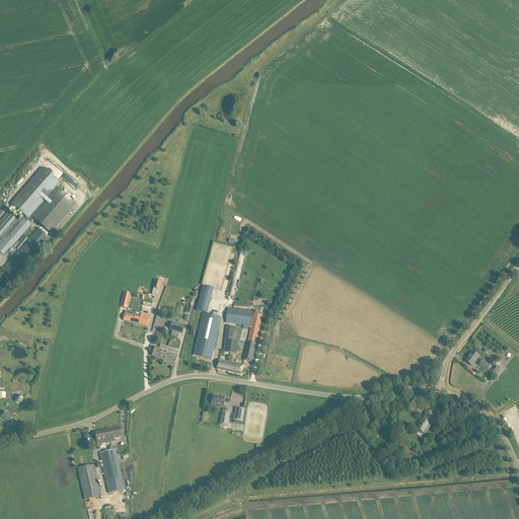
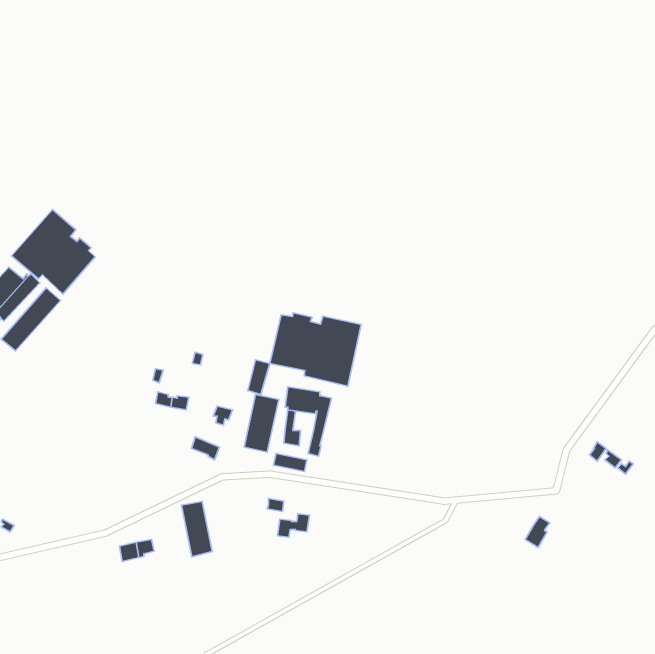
building: none -> [270,313,361,386]
building: [98,448,123,492] -> [181,501,212,557]
building: [76,462,100,498] -> none

